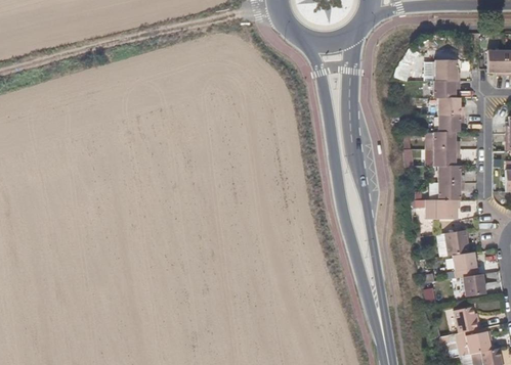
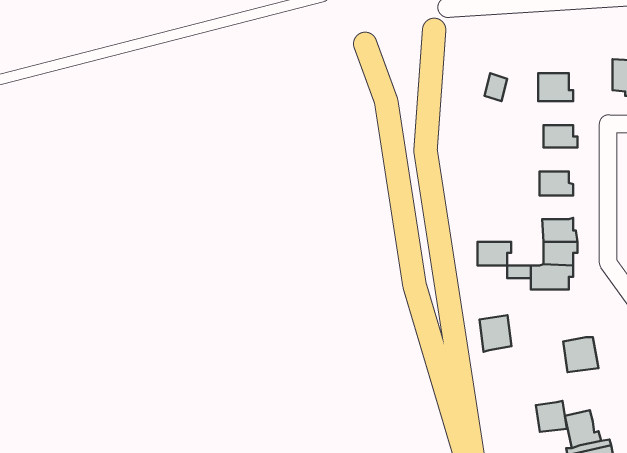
building: [433,81,461,98] -> none
building: [437,115,463,132] -> none
building: [435,149,460,167] -> [478,242,511,266]
building: [445,230,469,257] -> [479,315,512,352]
building: [463,274,485,296] -> [536,401,567,432]

